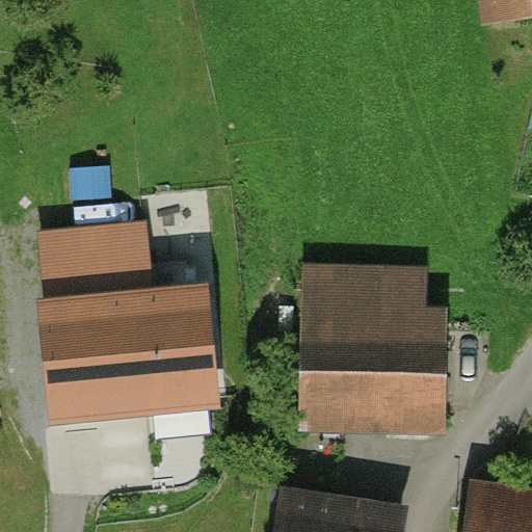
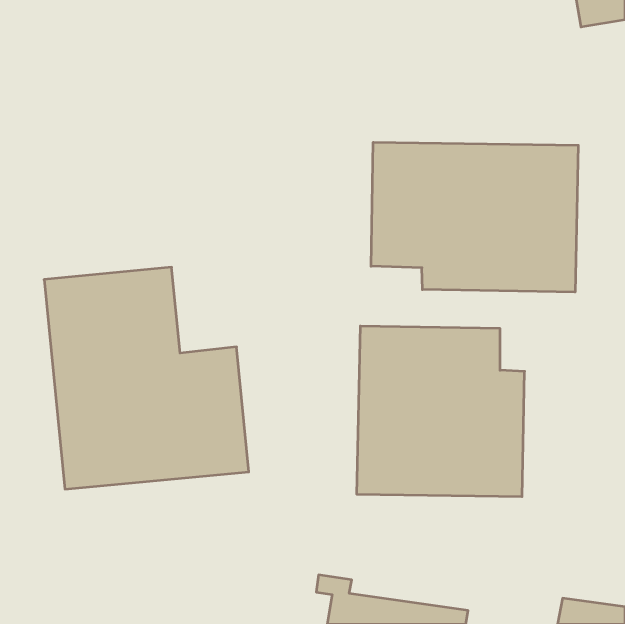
building: none -> [371,142,578,292]

